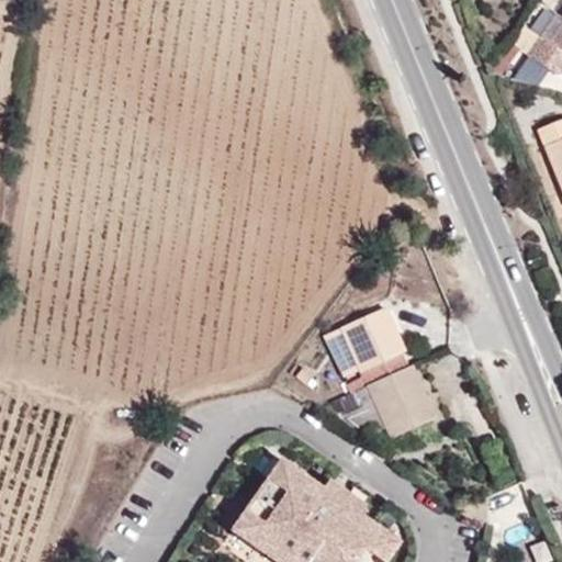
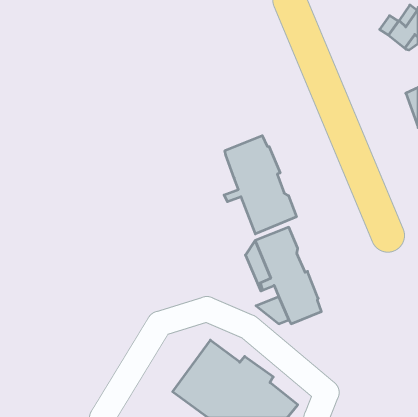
building: none -> [224,136,296,234]

